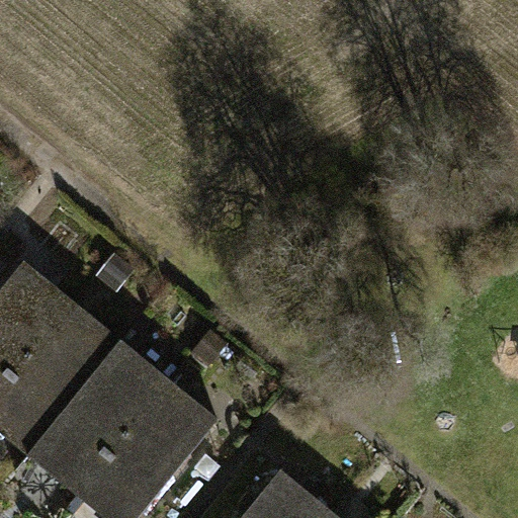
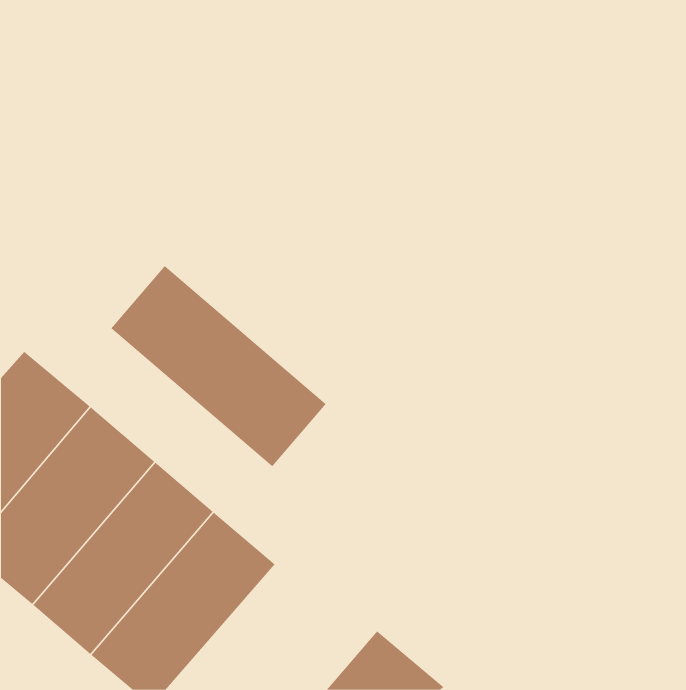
building: none -> [110,265,326,467]

